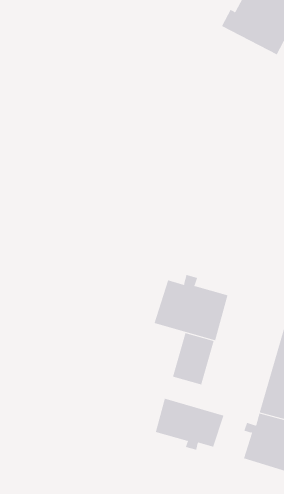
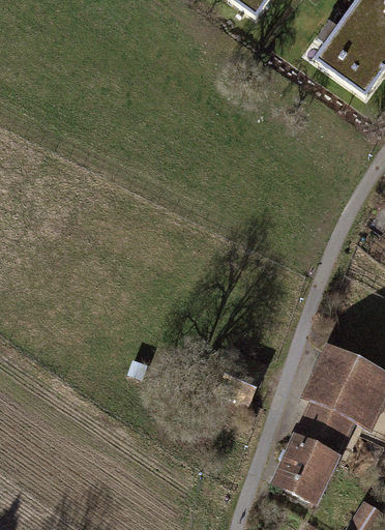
building: [154,274,228,341] -> none
building: [155,398,224,451] -> none

